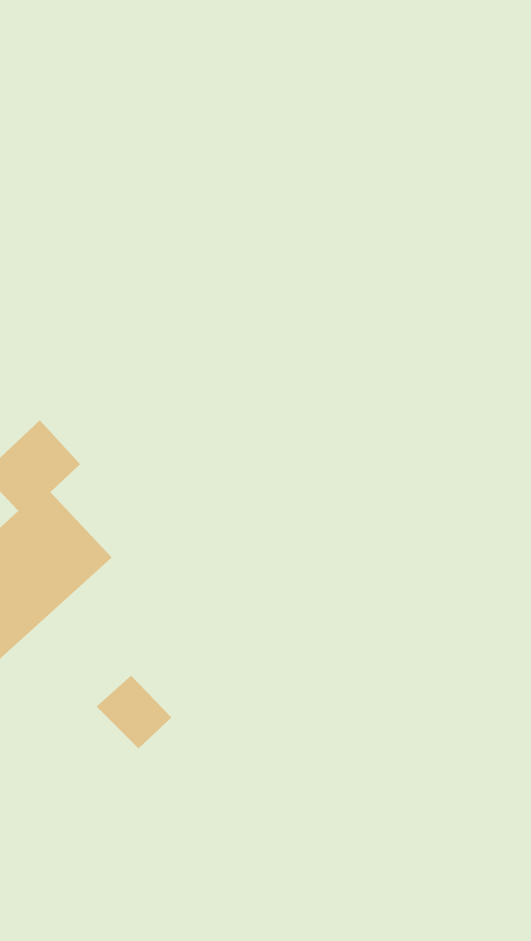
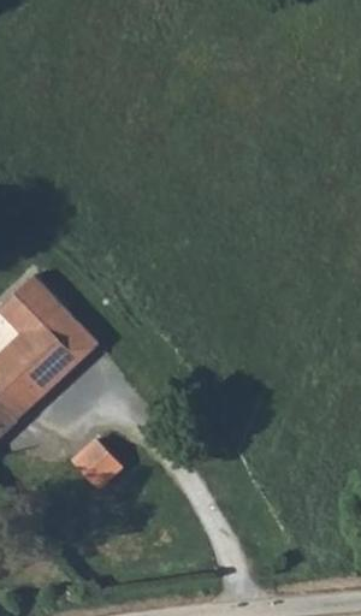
building: none -> [41,303,99,363]

